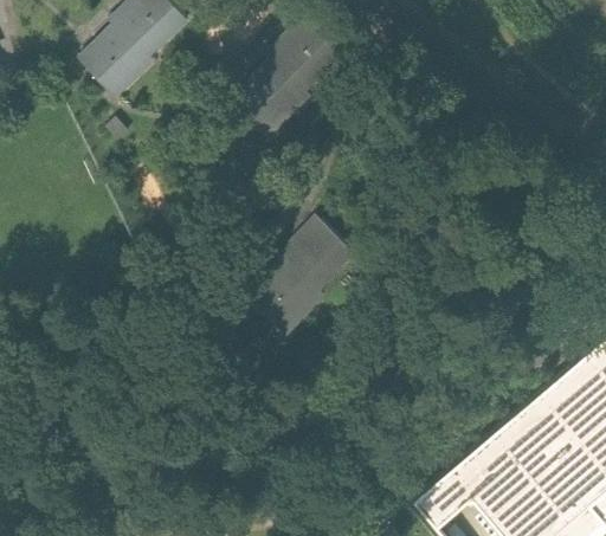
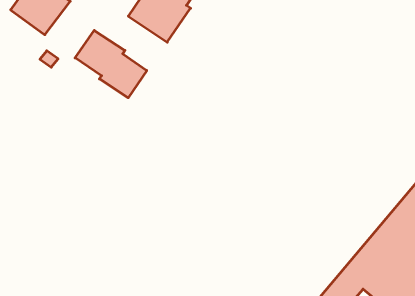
building: none -> [75,30,147,98]
building: [240,214,355,336] -> none

